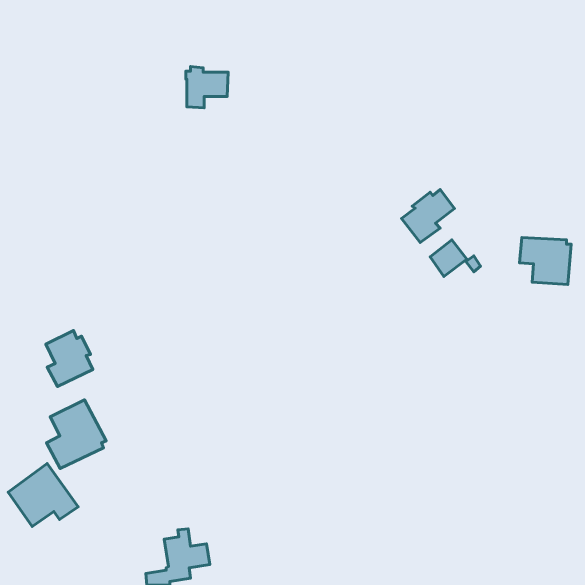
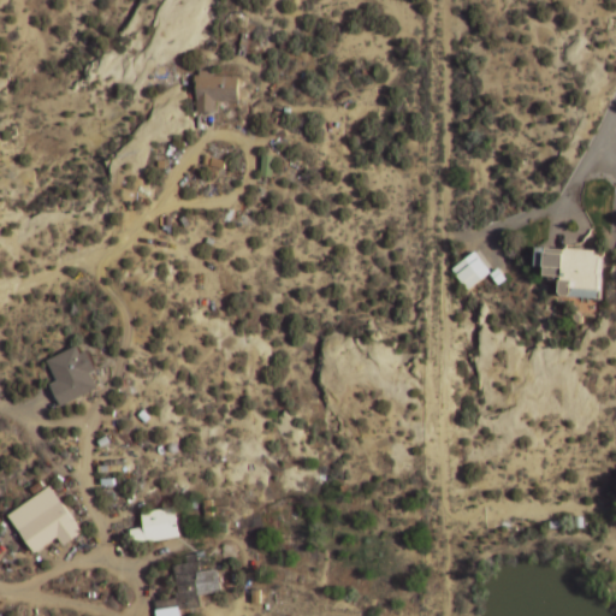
building: [401,189,455,243] -> none
building: [47,400,106,469] -> none
building: none -> [129,508,179,545]

